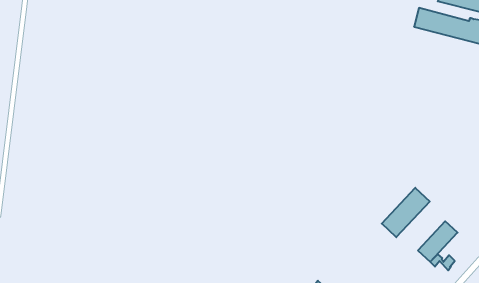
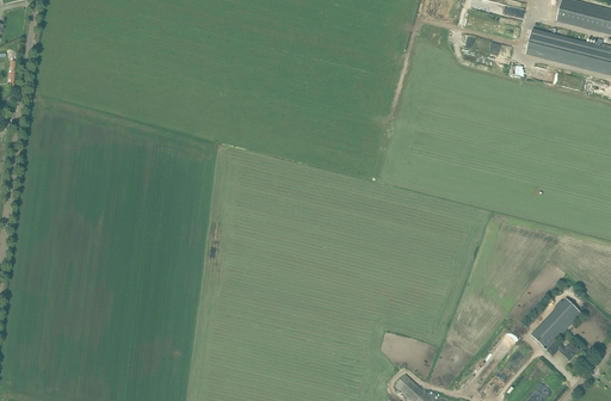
building: [382,188,430,237] -> none

